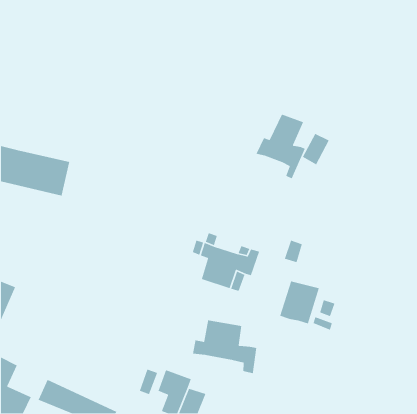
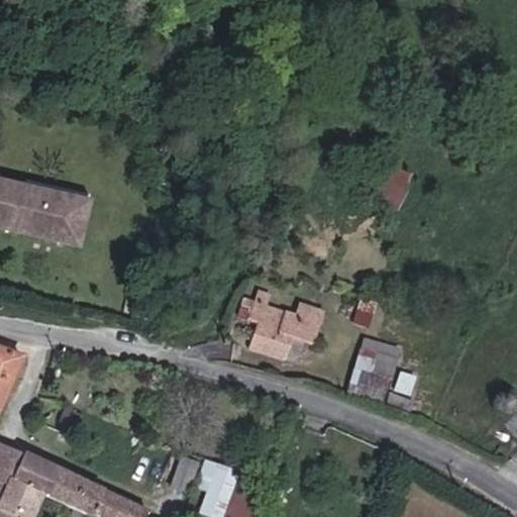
building: [256,114,306,180] -> none
building: [192,319,257,374] -> none
building: none -> [10,452,59,496]

